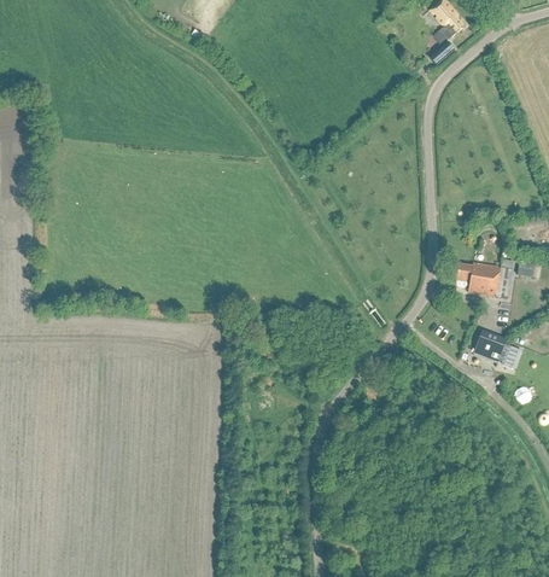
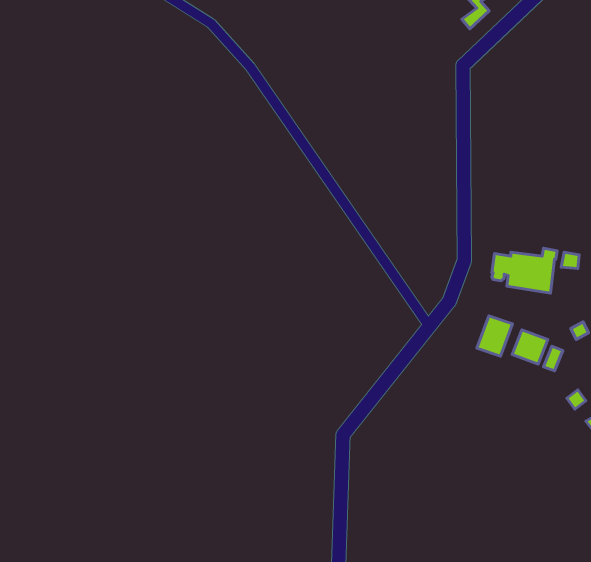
building: none -> [477,316,512,356]

